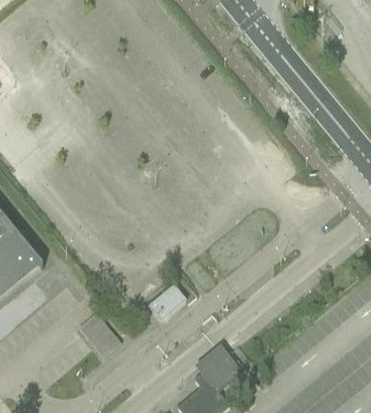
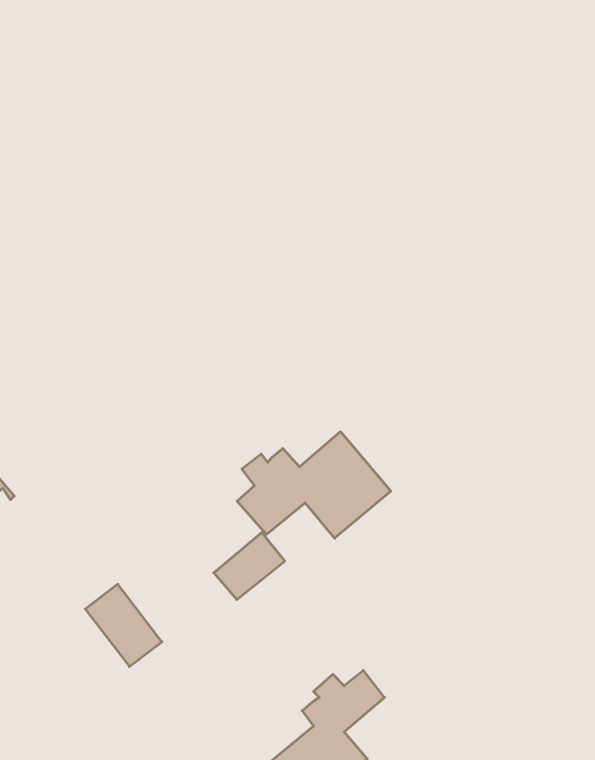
building: none -> [237,432,391,538]

